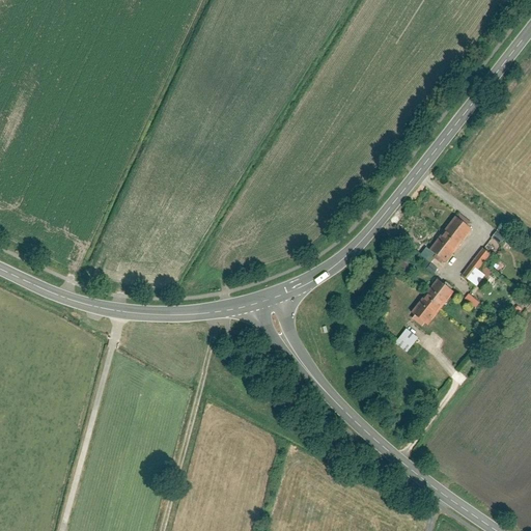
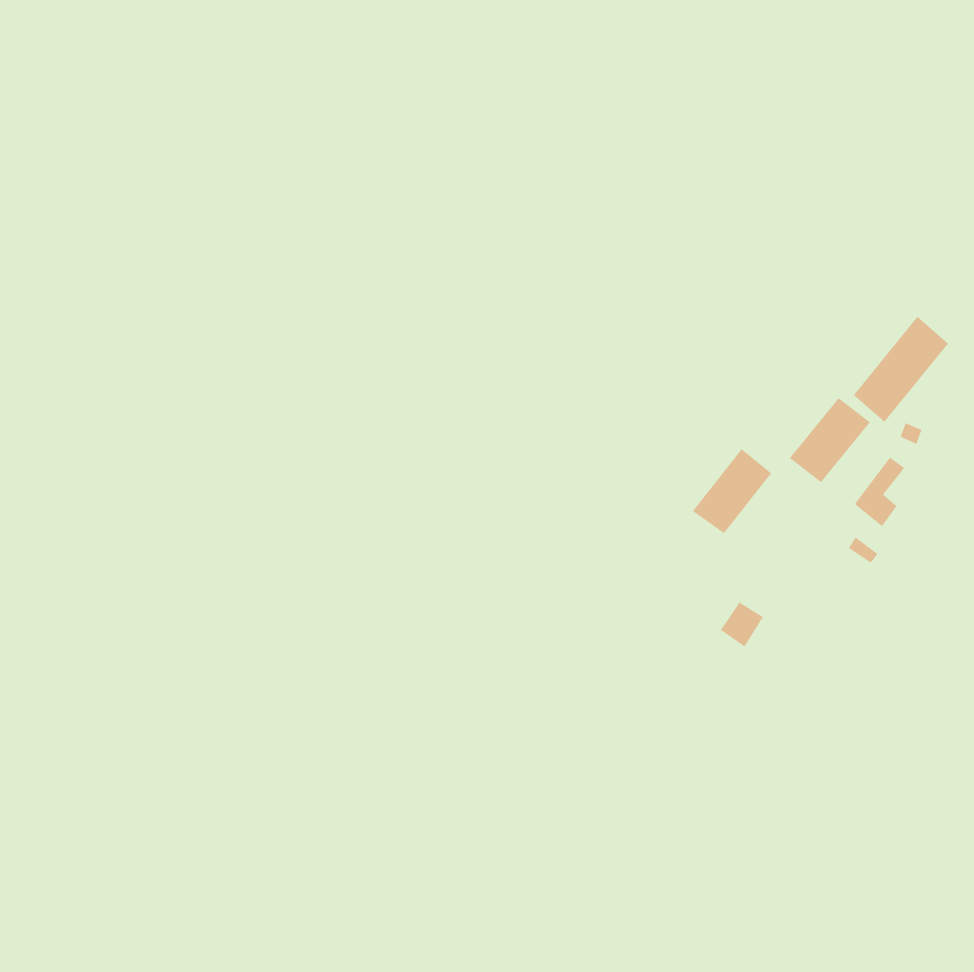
building: none -> [853,316,949,423]
building: [411,278,454,325] -> [692,448,772,534]

